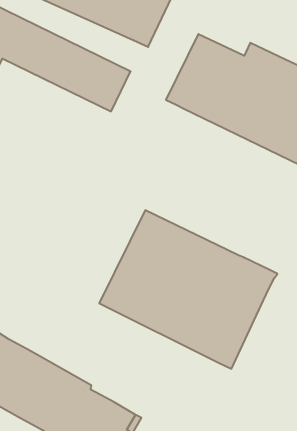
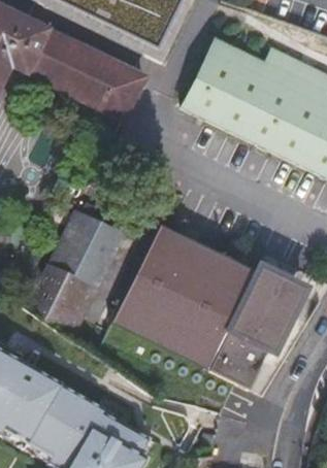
building: none -> [28,210,124,337]

